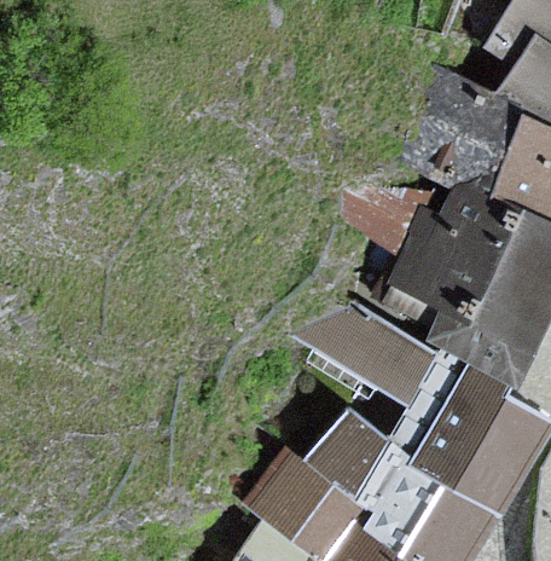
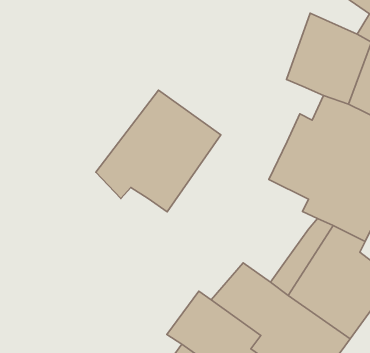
building: none -> [96,90,221,212]
building: [301,305,440,409] -> none

